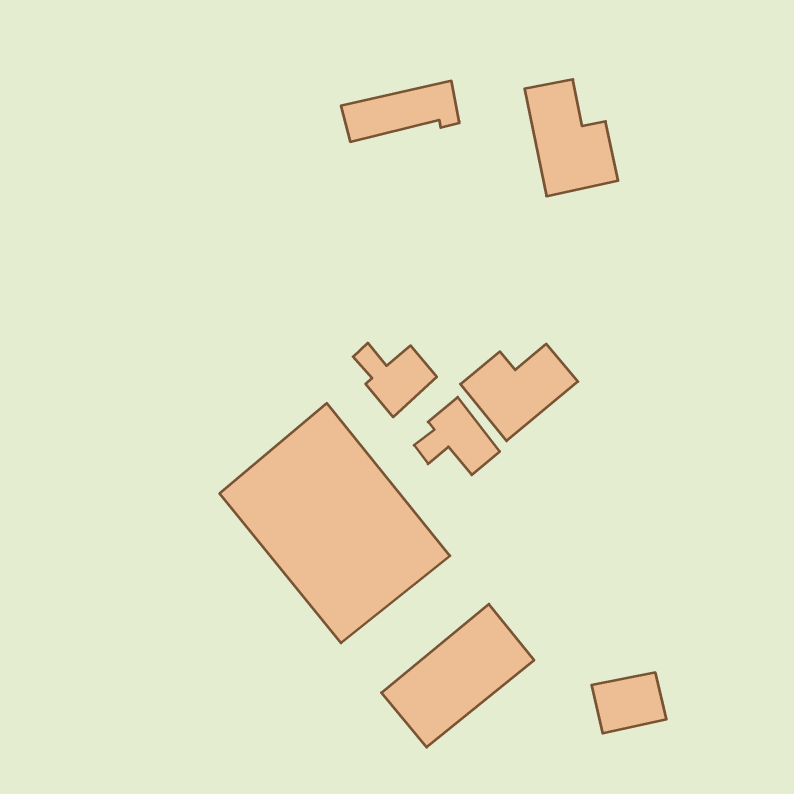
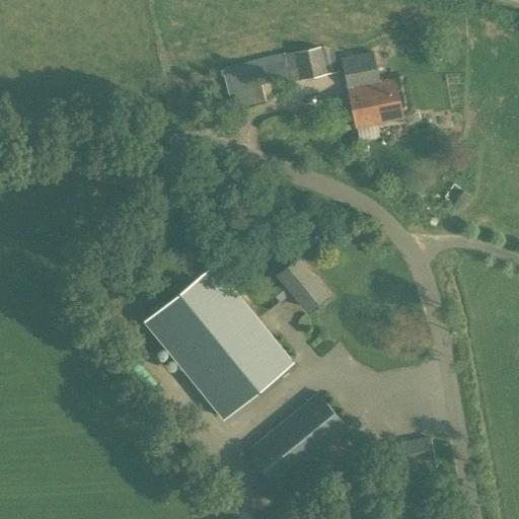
building: none -> [294,48,326,80]
building: [353,343,437,417] -> none
building: [460,344,578,441] -> none

